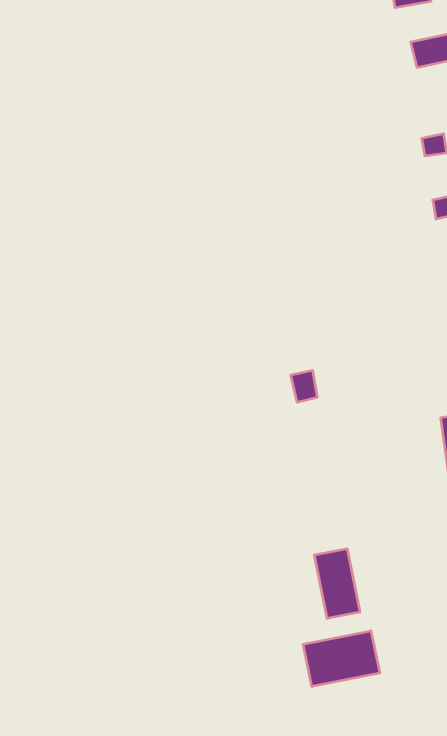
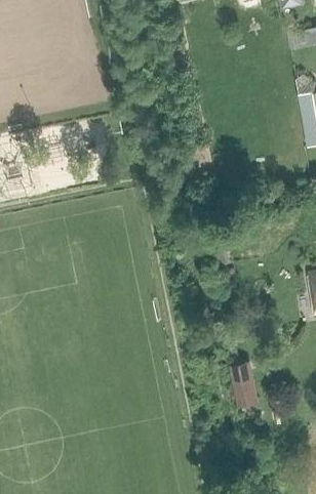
building: [303,631,380,687] -> none

